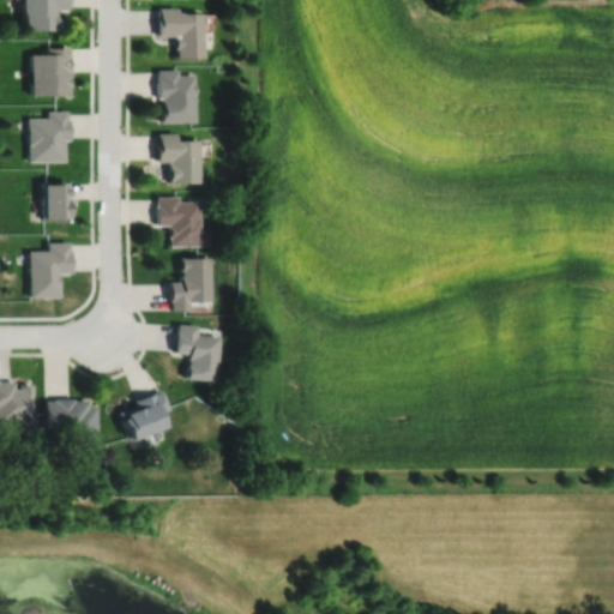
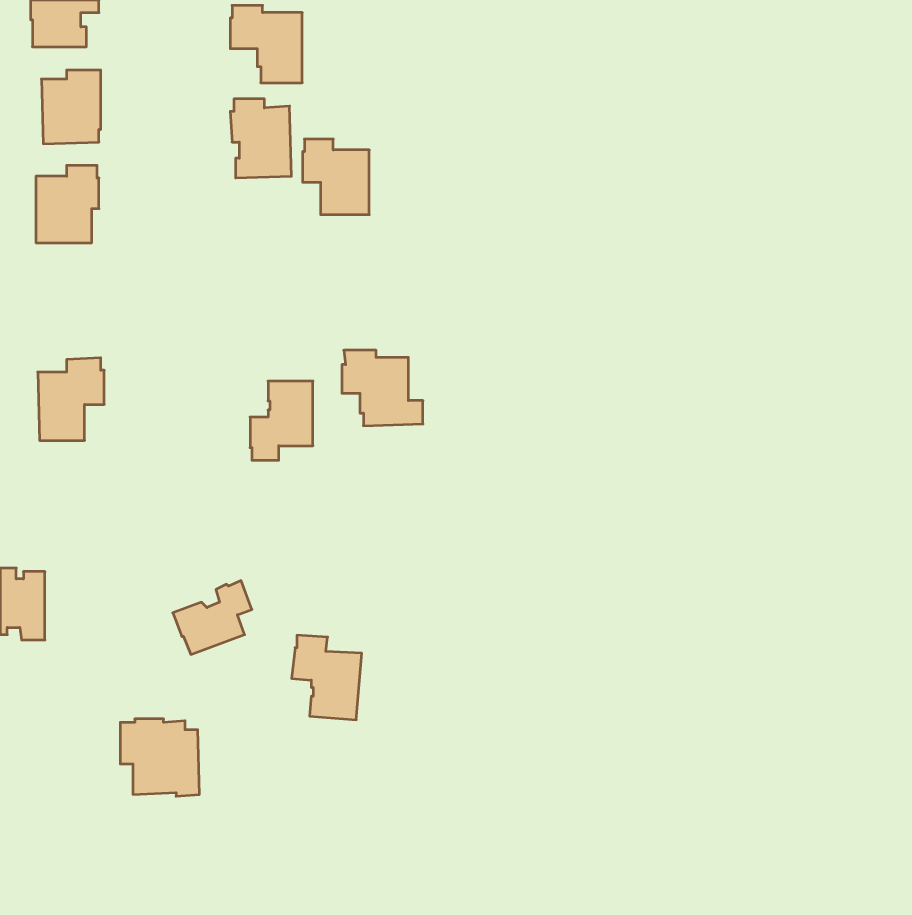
building: [159,132,204,182] -> [303,139,369,215]
building: [43,183,72,223] -> none
building: [159,195,213,246] -> [342,350,423,426]
building: [176,324,223,380] -> [292,635,362,720]
building: [47,398,100,450] -> [120,719,199,796]

